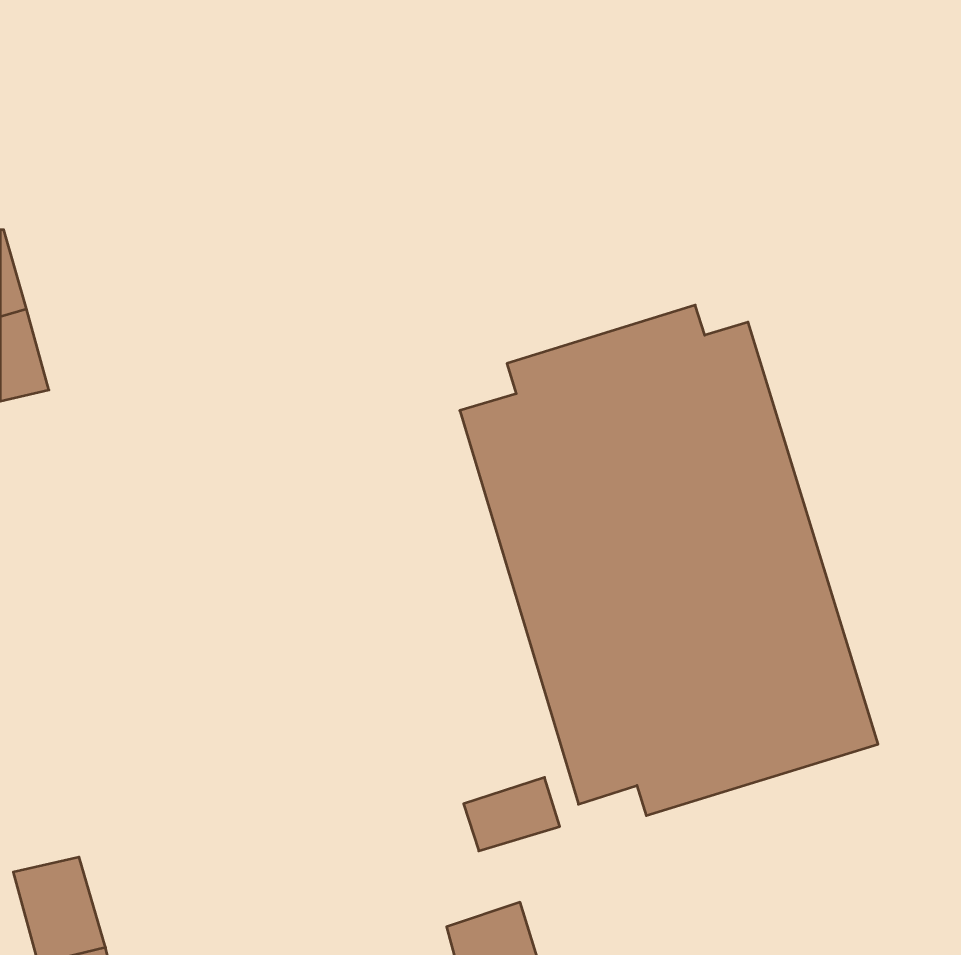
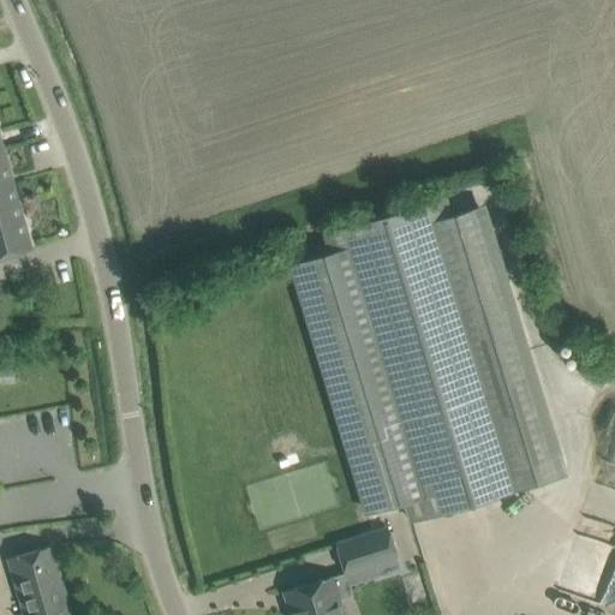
building: [464,777,560,851] -> [336,531,398,578]

